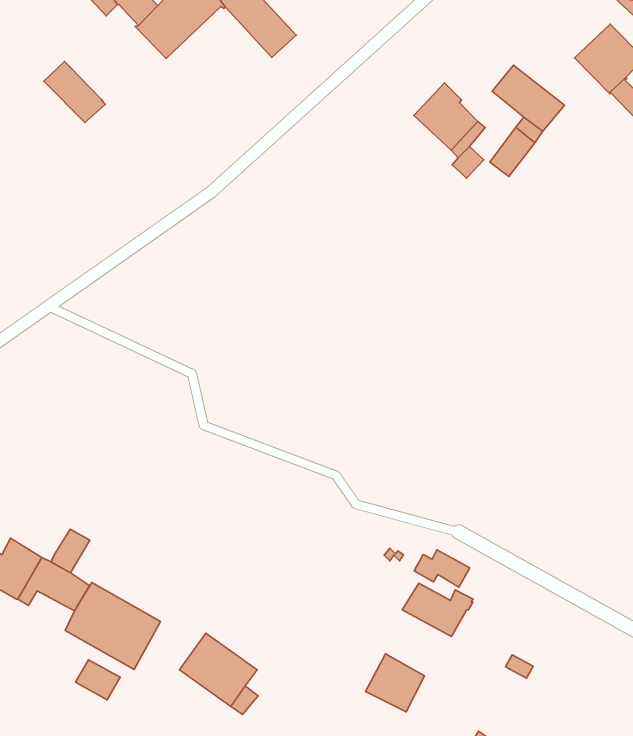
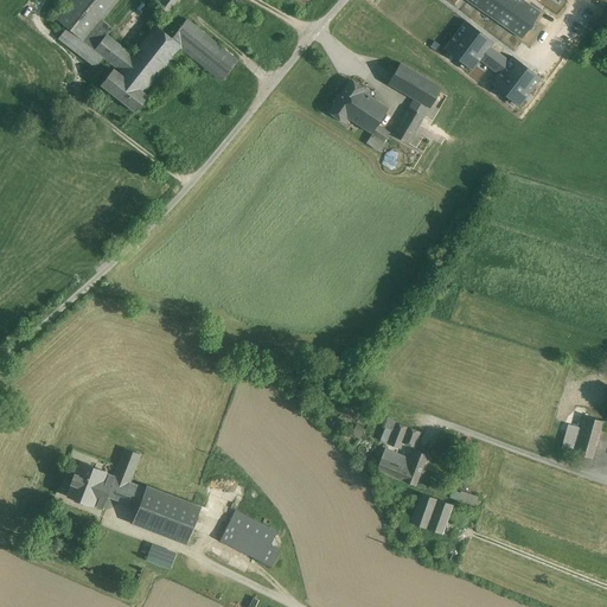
building: [44,61,105,123] -> [101,69,148,111]
building: [365,654,424,712] -> [410,493,452,533]

